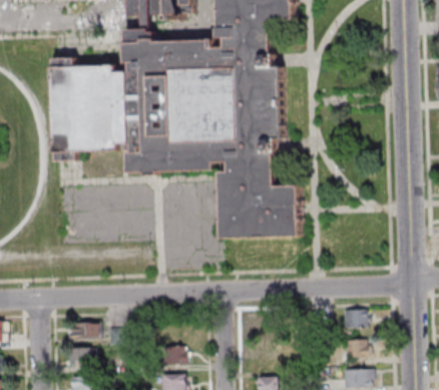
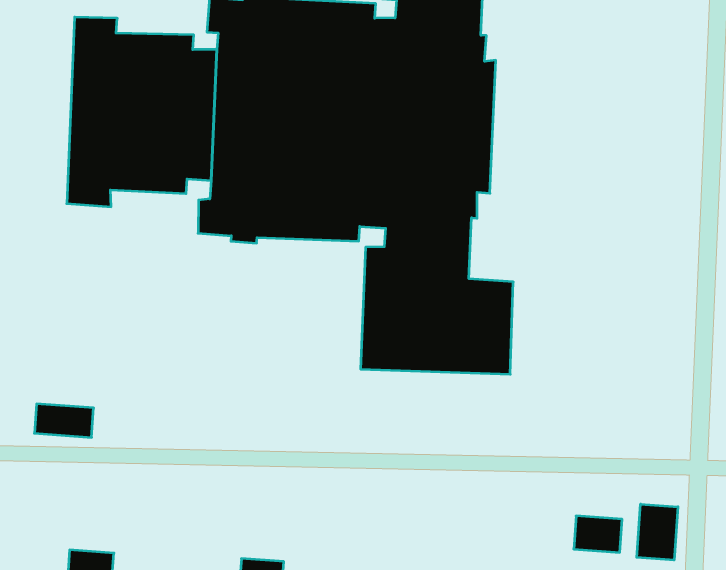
building: none -> [637,504,678,560]
building: [68,322,99,338] -> [34,404,94,437]

